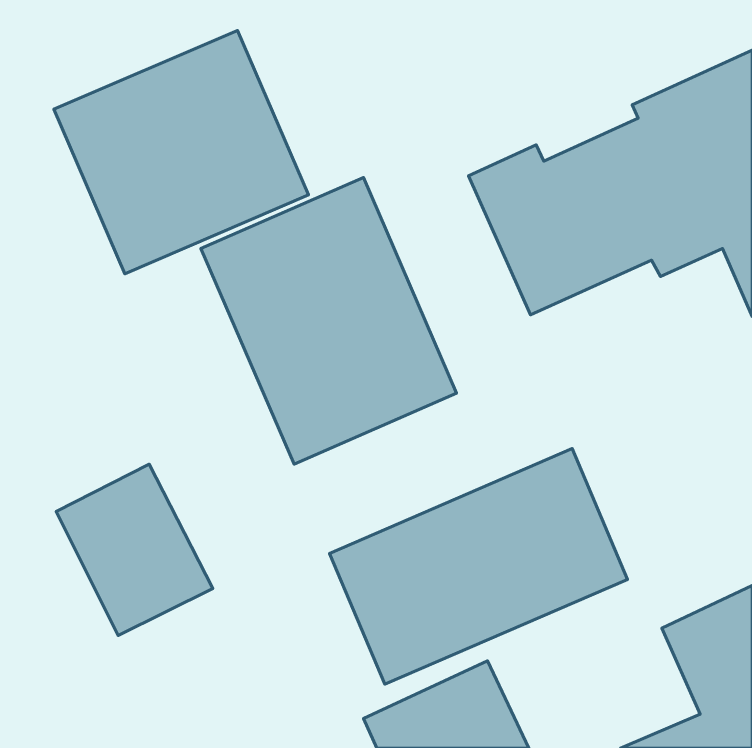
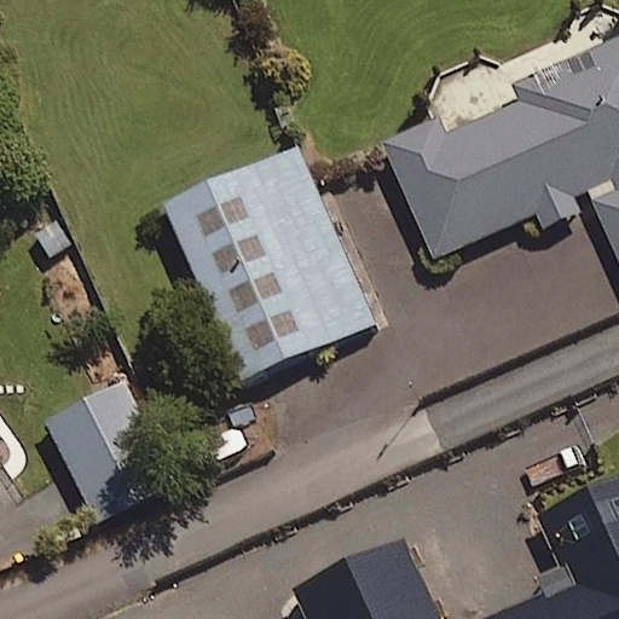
building: [54,31,309,274] -> none
building: [329,449,628,684] -> none

